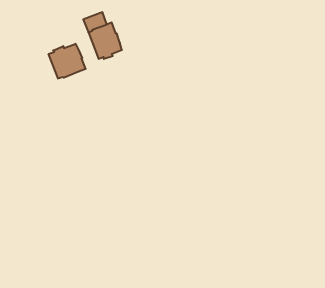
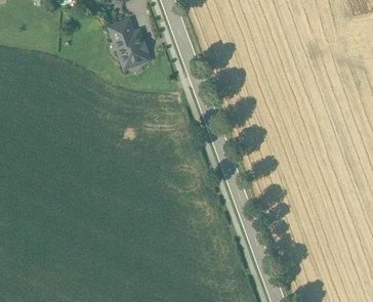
building: [49,44,86,79] -> none

